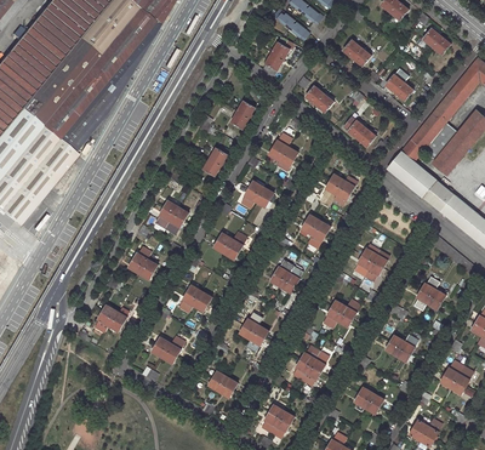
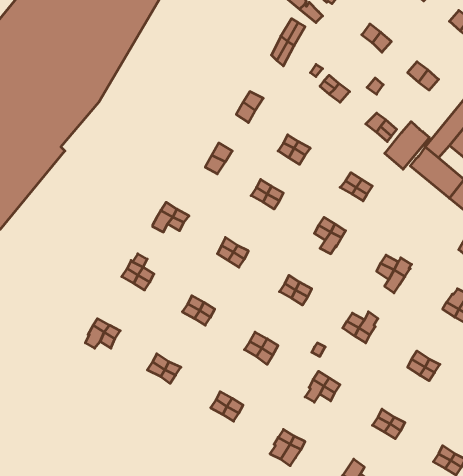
building: none -> [385,122,429,169]

